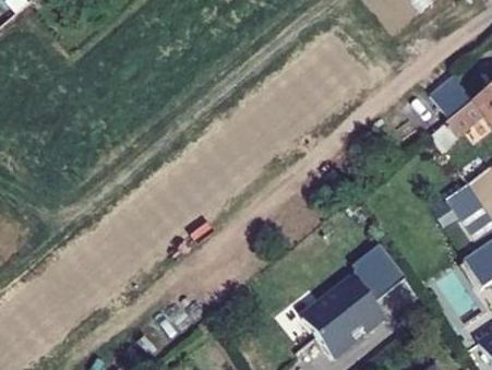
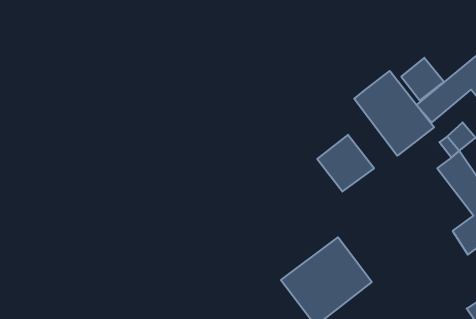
building: none -> [354,71,434,156]
building: [351,246,408,302] -> [317,135,374,192]

